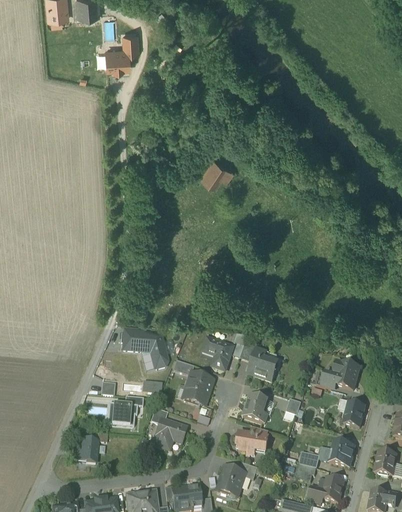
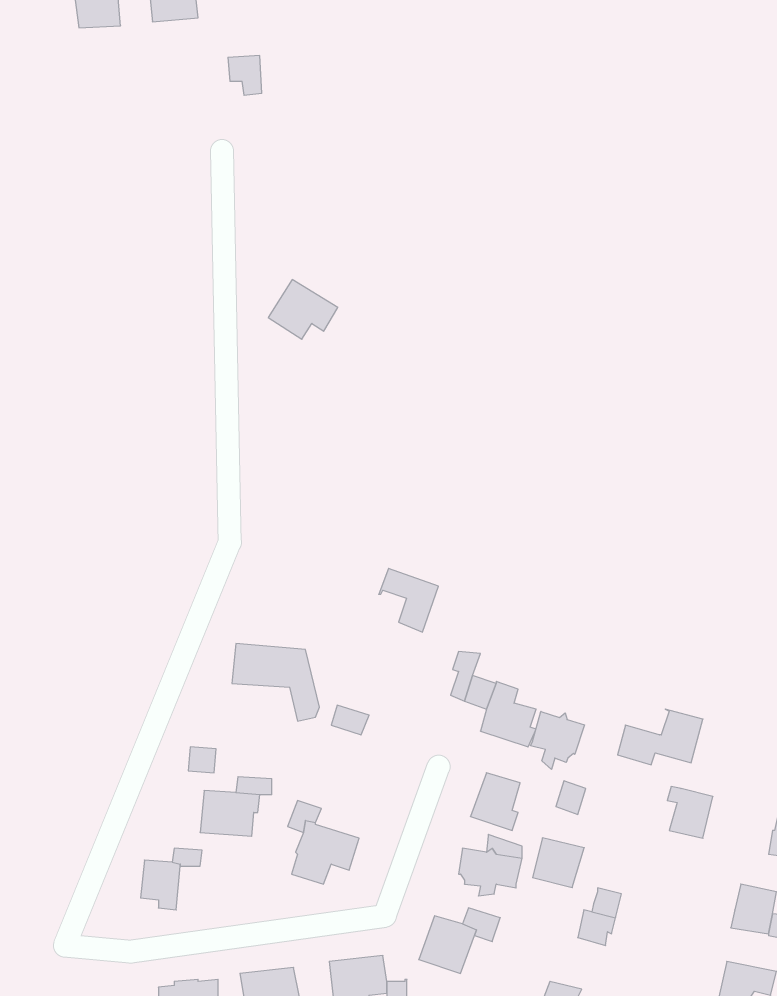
building: [104,45,130,69] -> none
building: [198,158,233,188] -> [268,280,338,339]
building: [203,337,233,369] -> [379,568,438,632]
building: none -> [531,711,584,769]
building: [183,371,213,405] -> none
building: [329,440,355,465] -> [533,838,584,888]
building: [311,475,344,501] -> none

